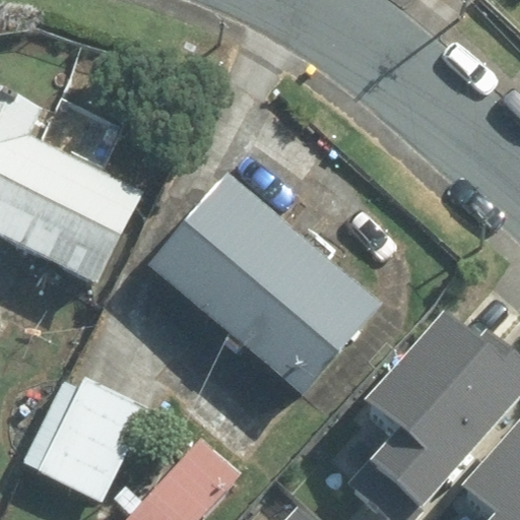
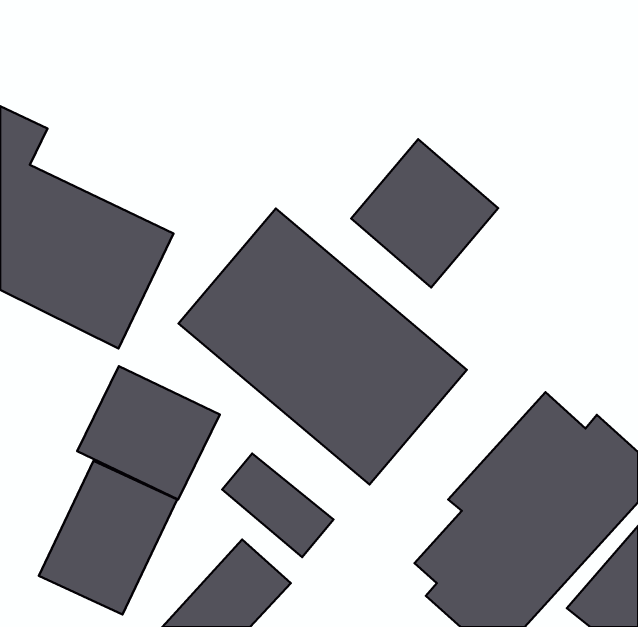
building: none -> [351,139,498,287]
building: none -> [77,366,220,499]

